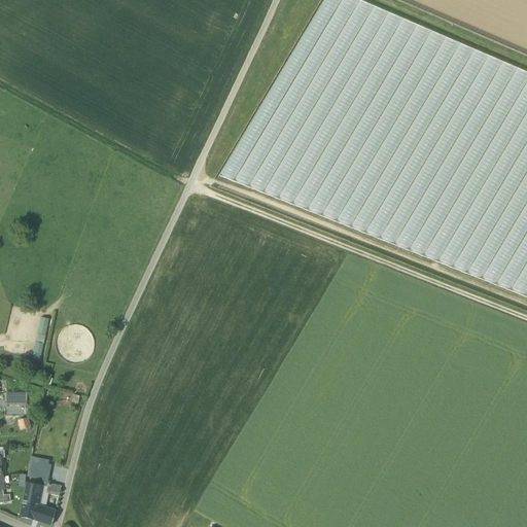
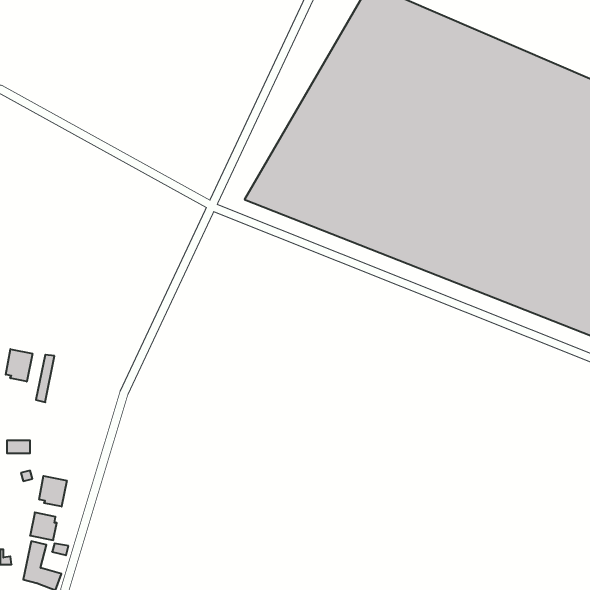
building: none -> [6,349,32,382]
building: none -> [39,476,67,507]

